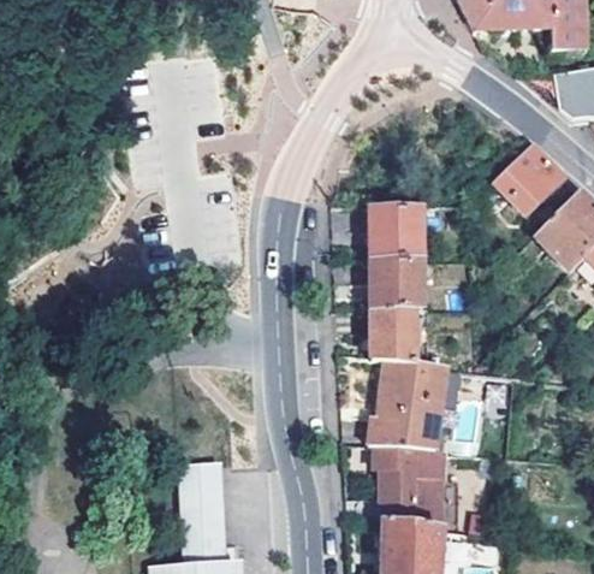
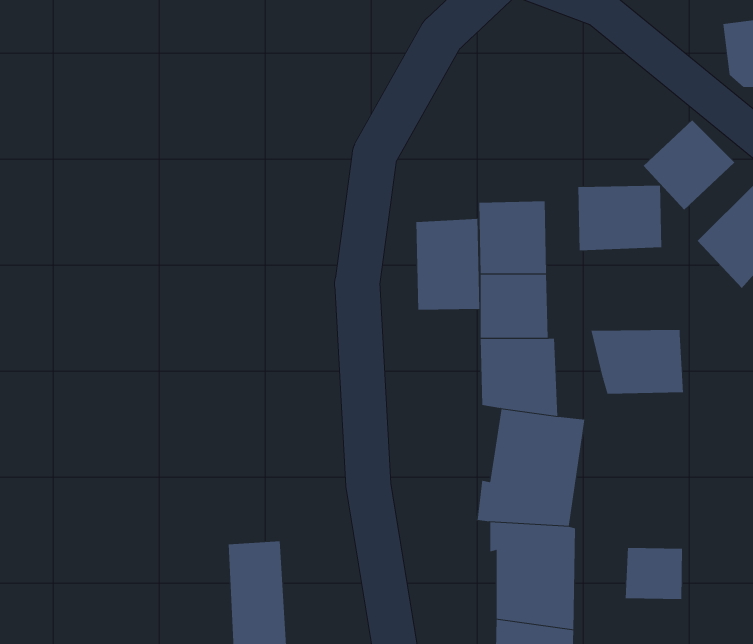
building: none -> [578,185,662,251]
building: none -> [416,218,480,311]
building: none -> [591,329,684,395]
building: none -> [625,547,682,600]

